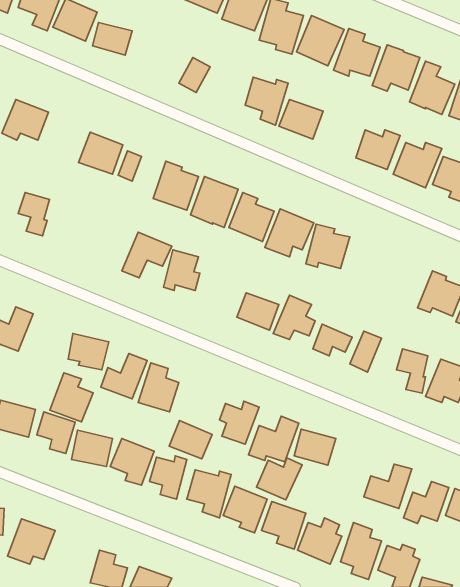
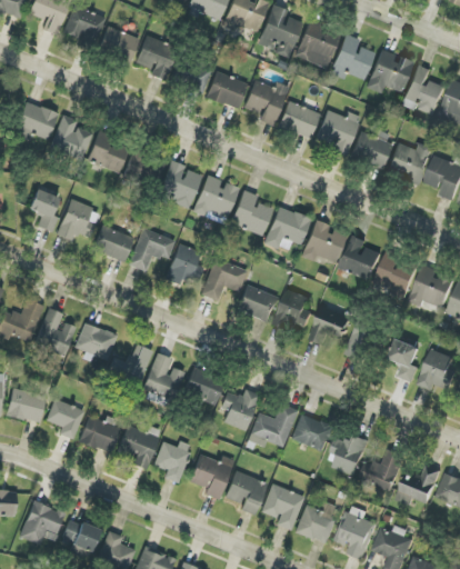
building: none -> [136,36,178,80]
building: none -> [206,71,248,109]
building: none -> [317,110,360,156]
building: none -> [52,116,91,157]
building: none -> [56,199,99,241]
building: none -> [96,227,132,261]
building: none -> [339,236,381,280]
building: none -> [377,256,418,293]
building: none -> [202,258,248,299]
building: [50,373,93,422] -> [34,308,76,355]
building: [169,420,212,459] -> [183,368,224,405]
building: [257,458,302,500] -> [327,435,370,475]
building: none -> [61,518,100,552]

